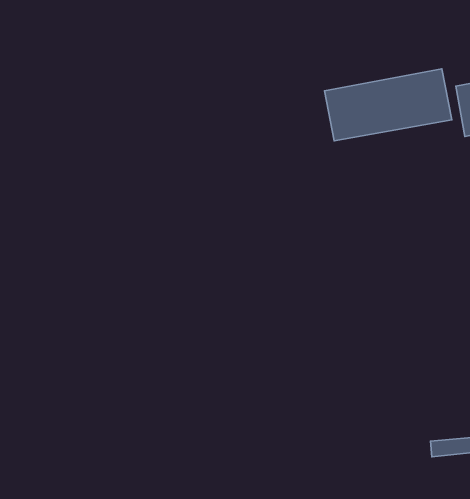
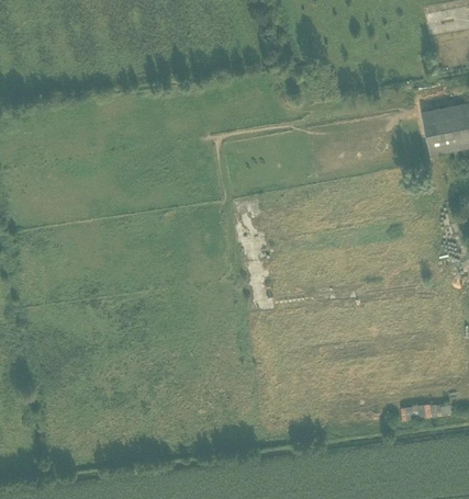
building: [325,69,452,141] -> none

